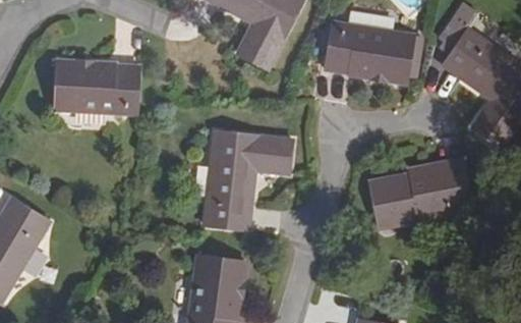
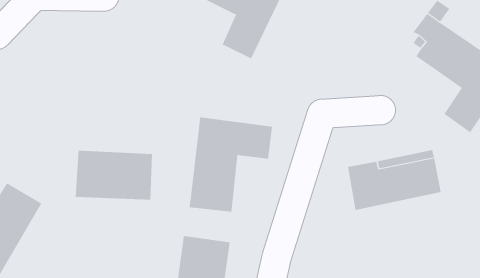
building: [324,22,413,84] -> none
building: [54,60,136,113] -> [75,150,153,200]

